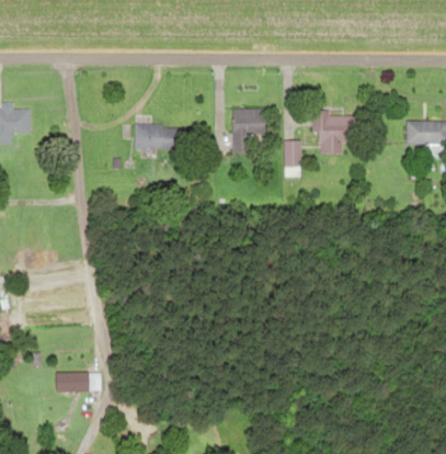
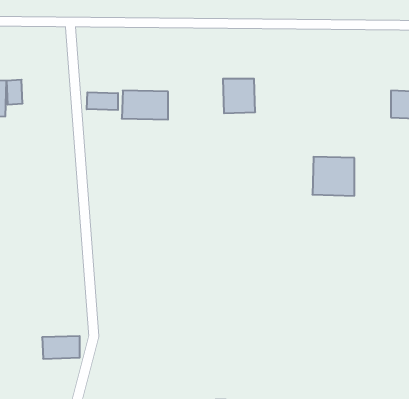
building: [315,111,357,150] -> [312,157,354,196]
building: none -> [87,92,118,110]
building: [284,141,299,177] -> none

